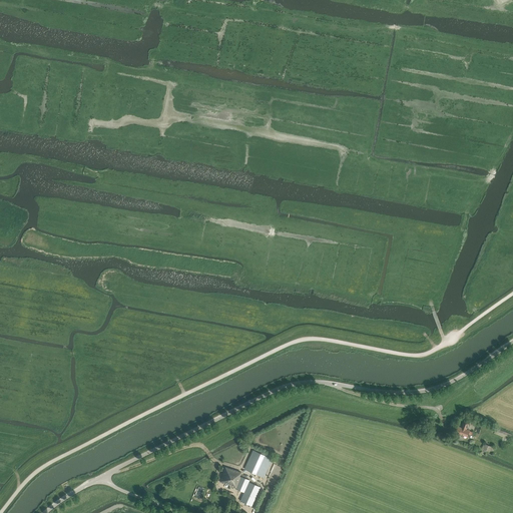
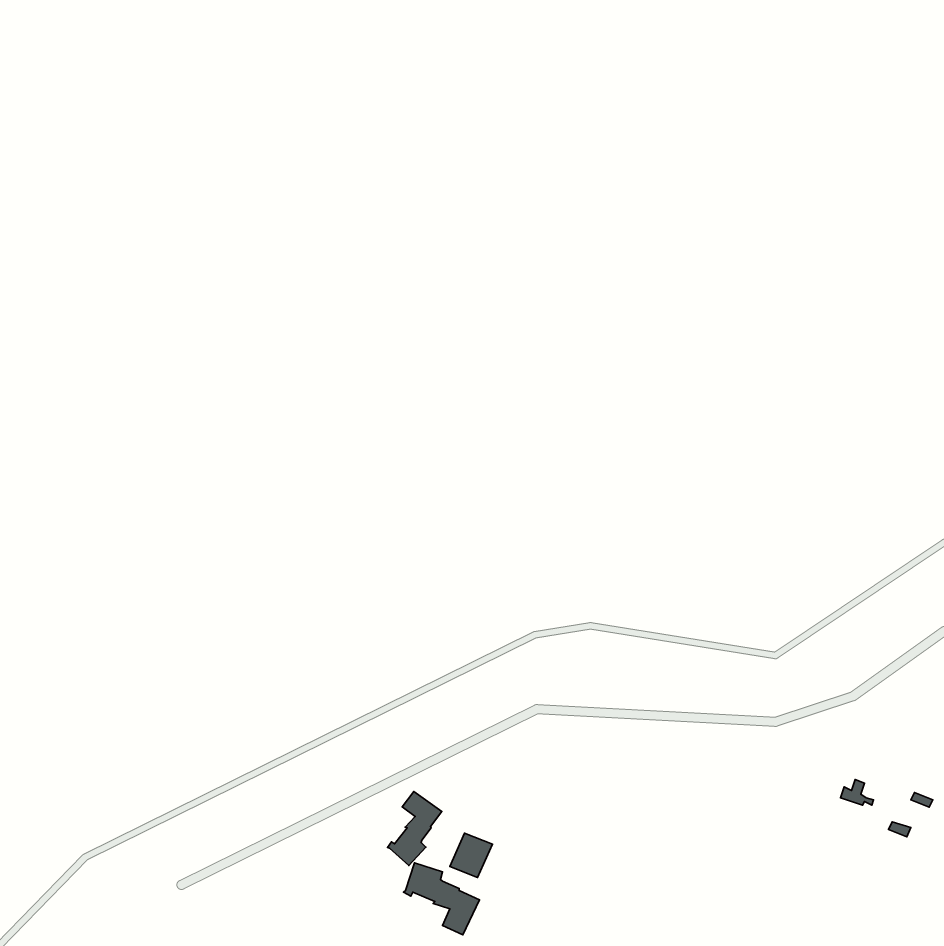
building: none -> [387,792,442,865]

